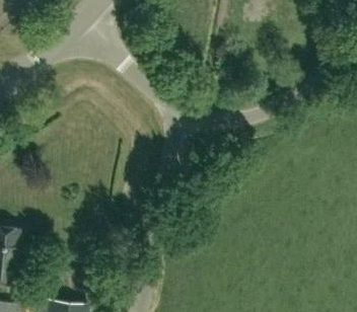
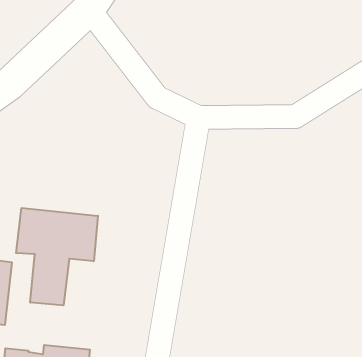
building: none -> [16,208,98,305]

